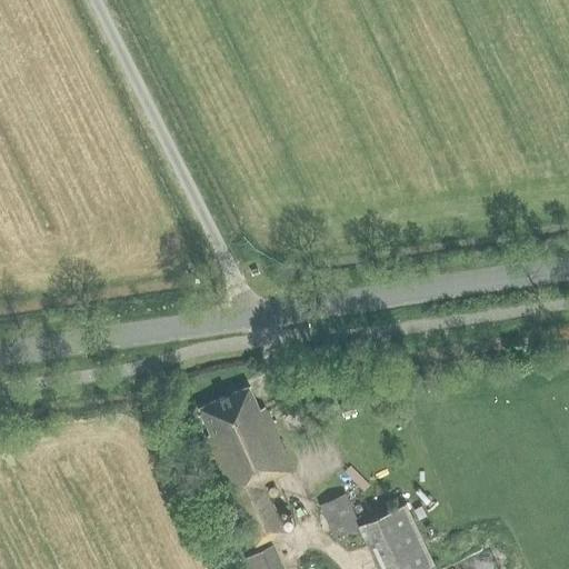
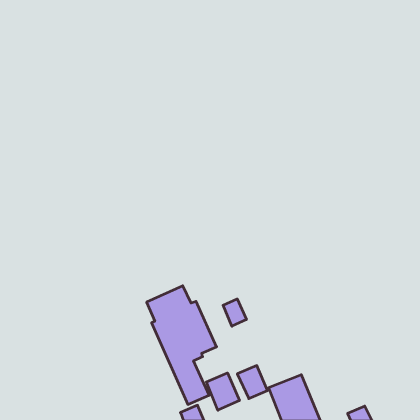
building: none -> [223,299,246,326]
building: none -> [206,373,239,410]

